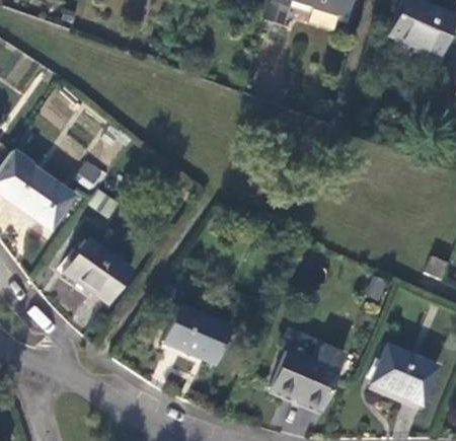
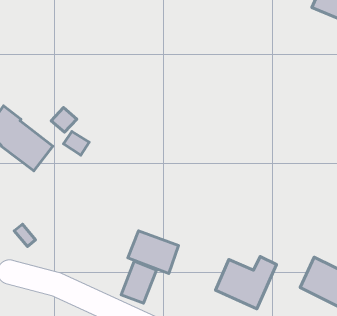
building: [64,249,130,312] -> none
building: none -> [121,261,156,303]

